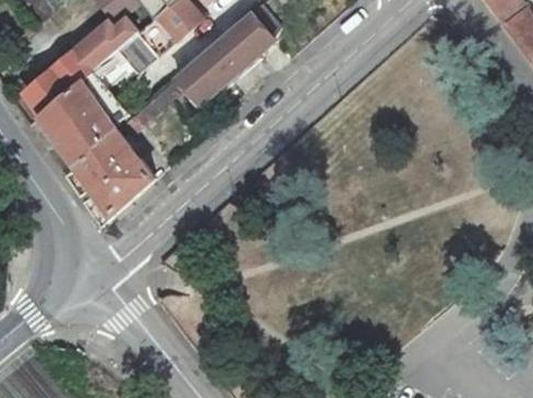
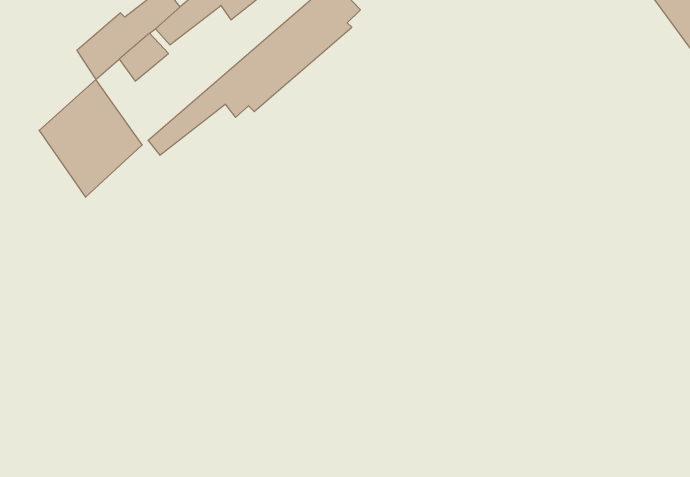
building: [21,52,81,117] -> none
building: [73,128,153,217] -> none

